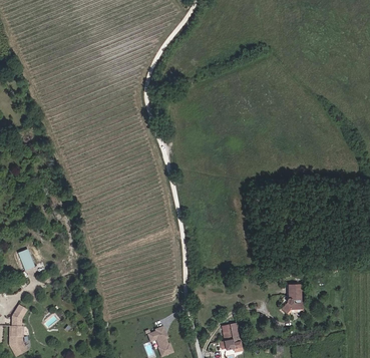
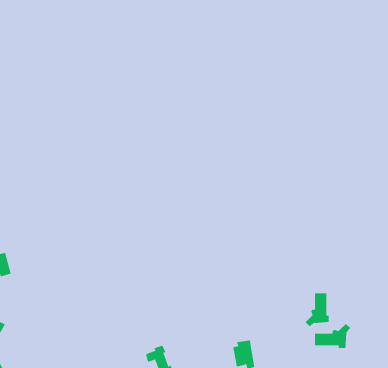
building: none -> [315,323,351,349]

